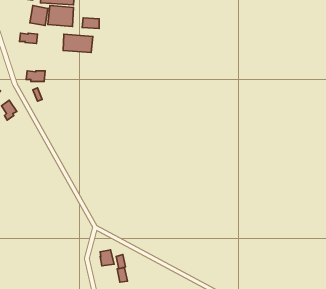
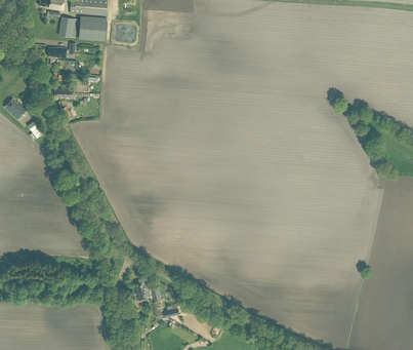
building: [63,34,93,52] -> none

